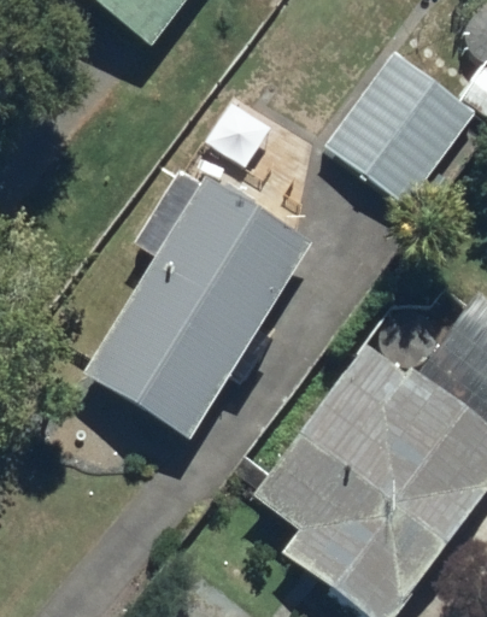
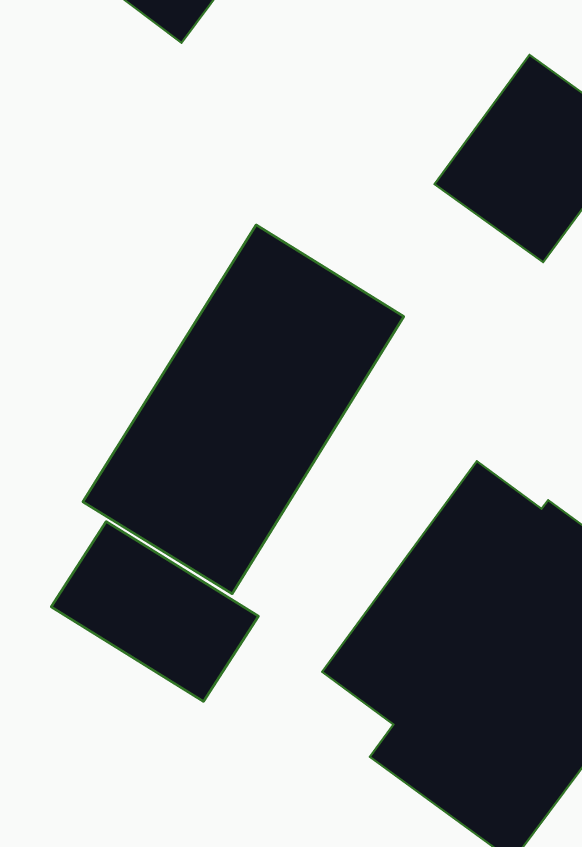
building: none -> [51,521,259,702]

